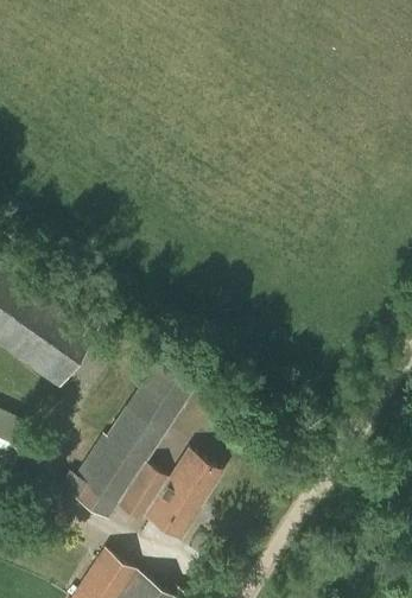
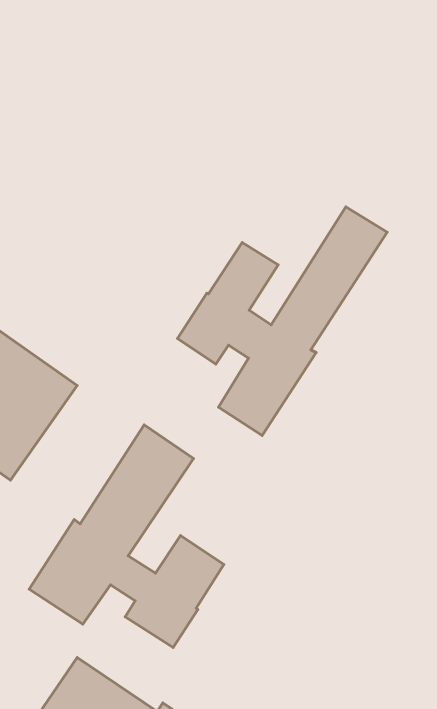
building: none -> [178,207,387,435]

